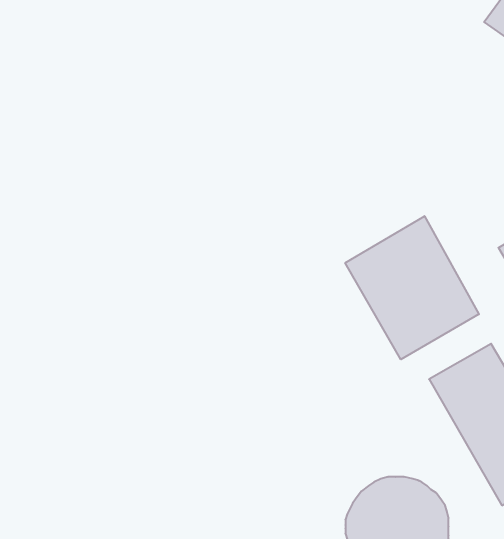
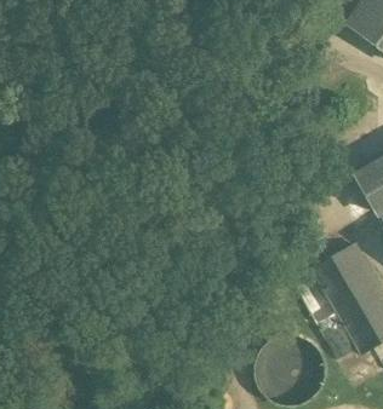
building: [345,216,479,359] -> none

